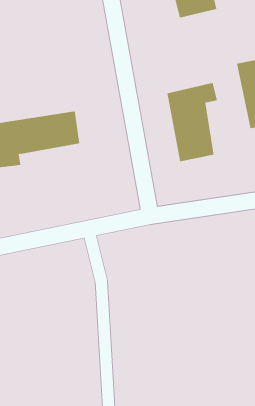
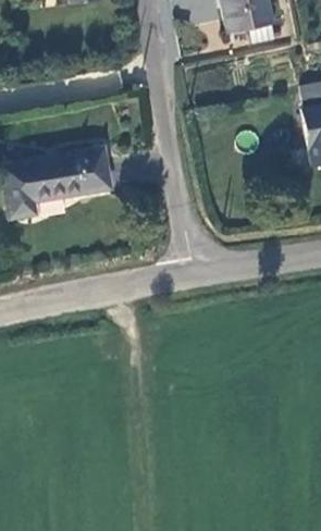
building: [167,82,217,162] -> none

